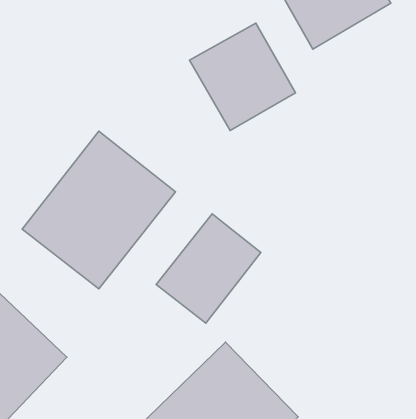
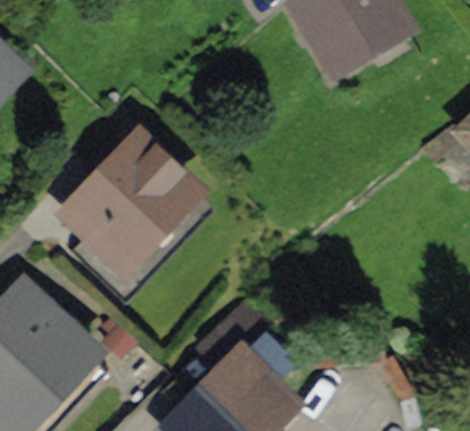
building: [189,23,296,130] -> none
building: [156,214,261,323] -> none

